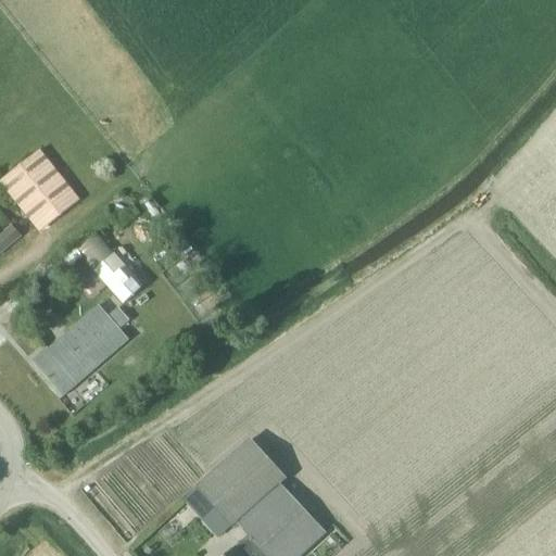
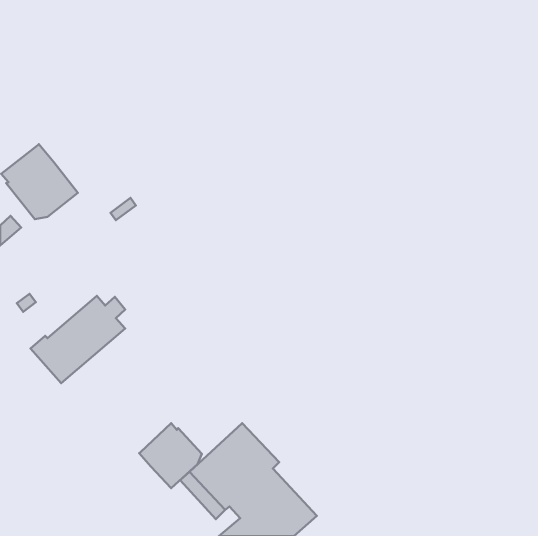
building: [94,252,143,303] -> none
building: none -> [139,423,202,488]

